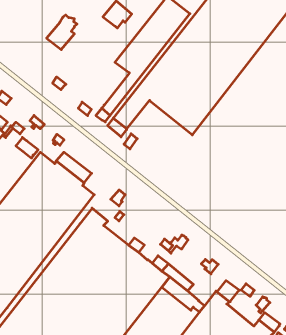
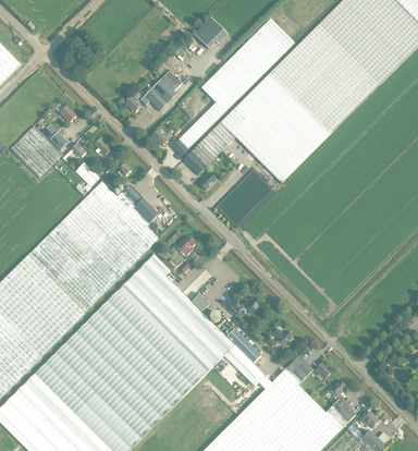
building: [47,15,77,50] -> [144,72,181,111]

